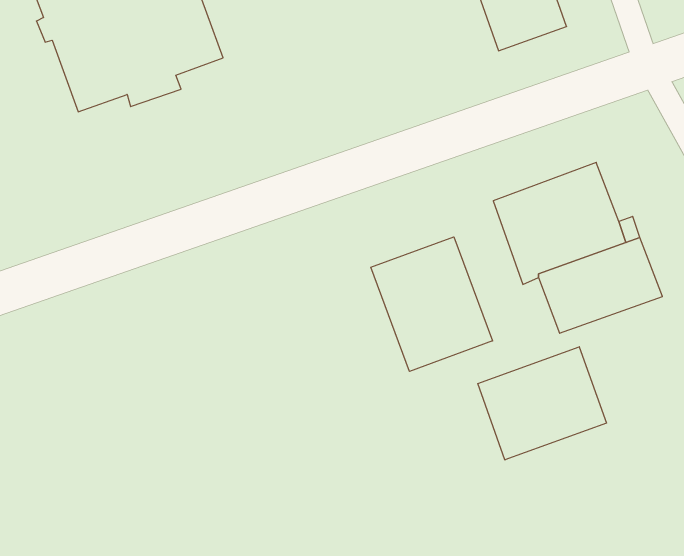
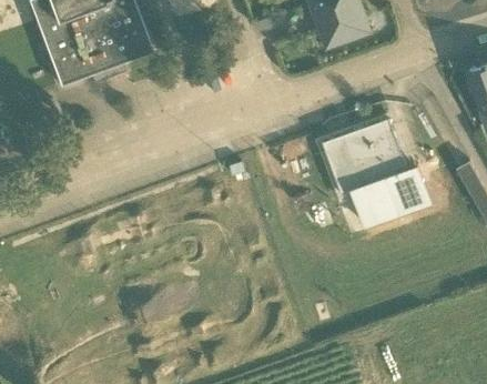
building: [371,237,493,371] -> none
building: [478,347,606,460] -> none

